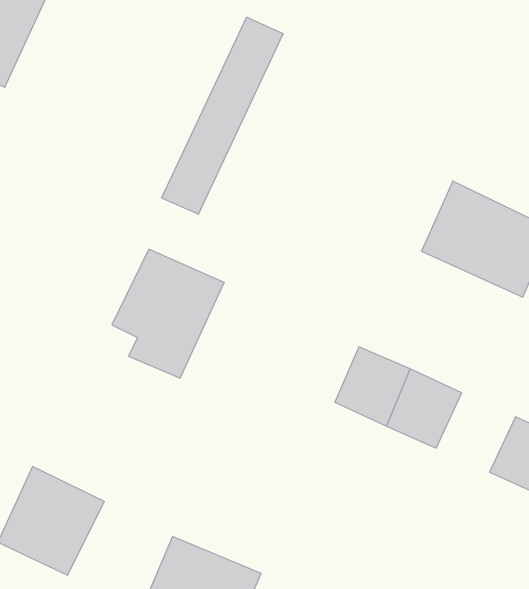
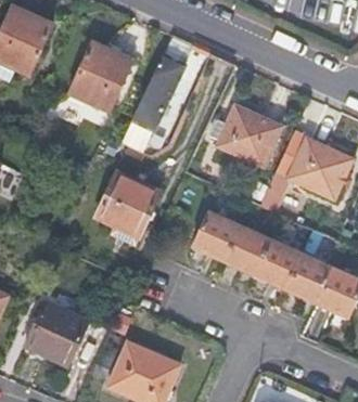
building: none -> [68,42,131,112]
building: none -> [215,105,280,166]
building: none -> [191,215,238,261]
building: none -> [283,256,330,302]

